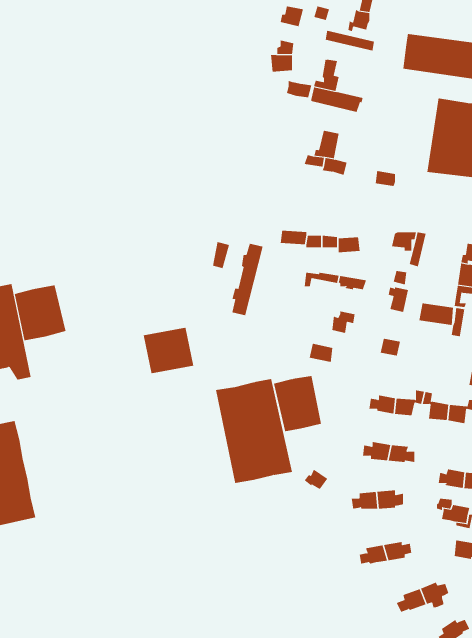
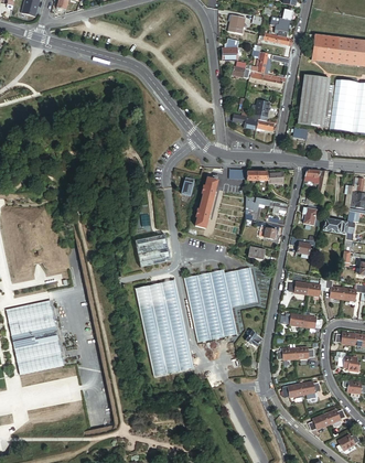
building: none -> [298,75,334,127]
building: [14,284,66,341] -> none
building: none -> [135,280,193,376]

